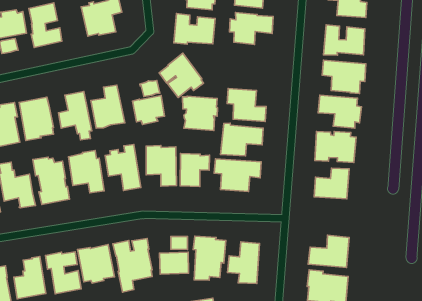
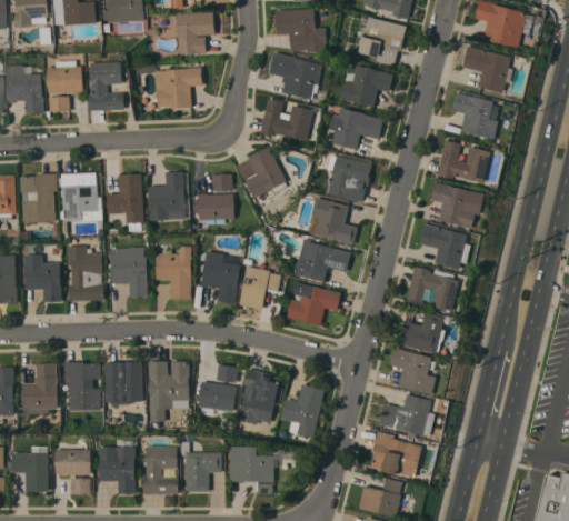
building: [183,96,218,131] -> [326,156,371,202]
building: none -> [389,348,437,395]

